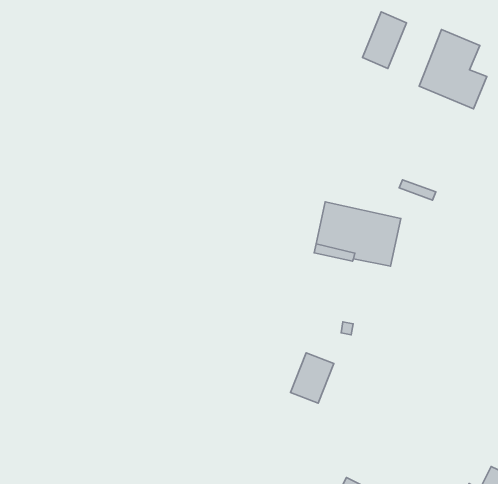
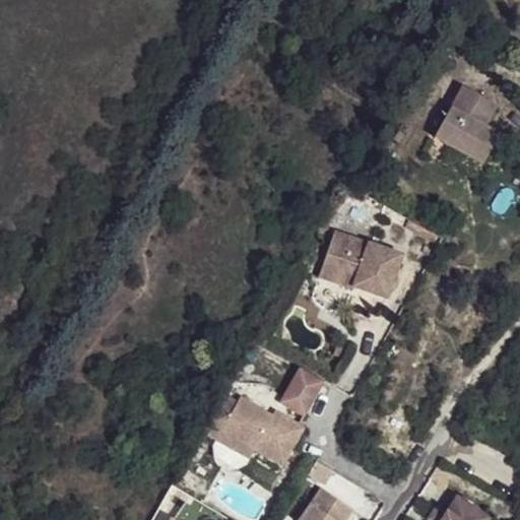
building: [363,12,407,69] -> none
building: none -> [203,394,305,469]

